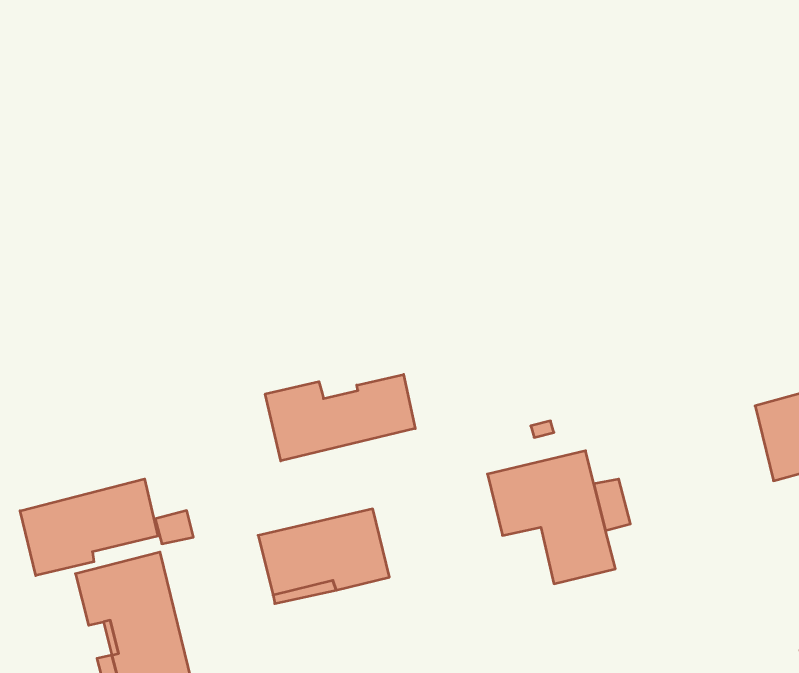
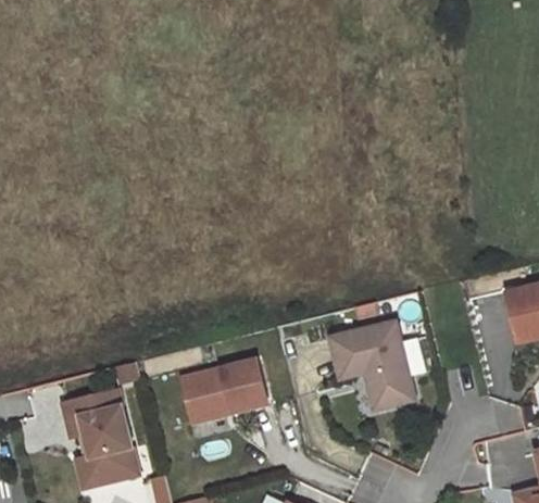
building: [265,374,415,461] -> none
building: [20,479,158,576] -> none

